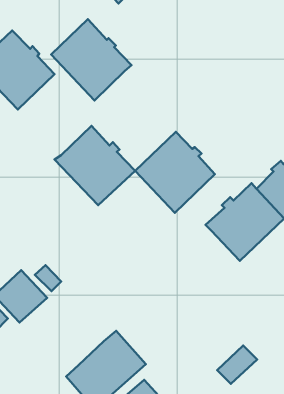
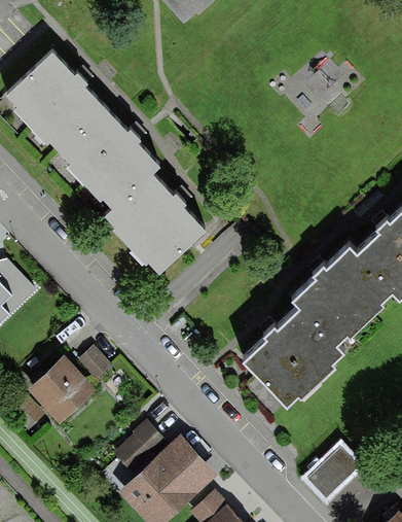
building: [51,19,131,100] -> [59,109,159,211]
building: [135,132,215,213] -> none
building: none -> [246,306,344,406]
building: none -> [117,424,167,475]

